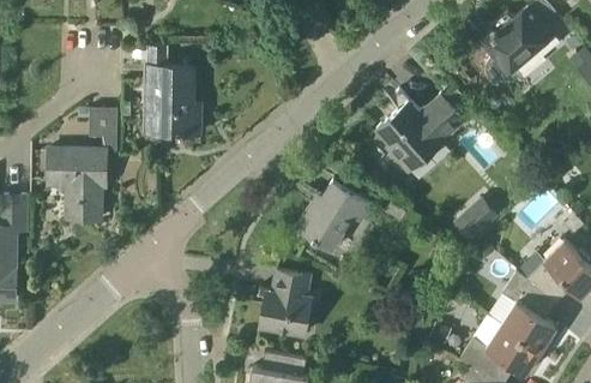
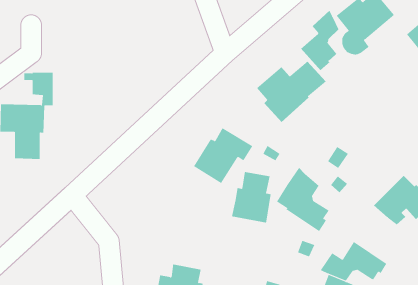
building: none -> [300,10,339,71]
building: [125,46,200,136] -> none
building: [260,269,312,335] -> [231,172,271,223]
building: [489,270,559,353] -> [276,167,331,232]

